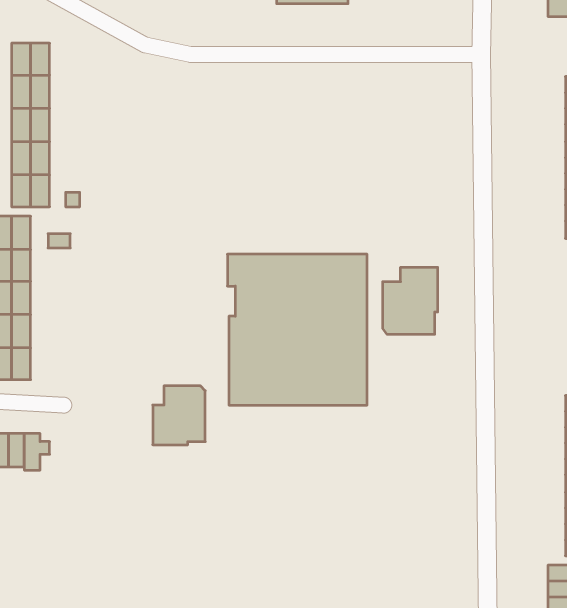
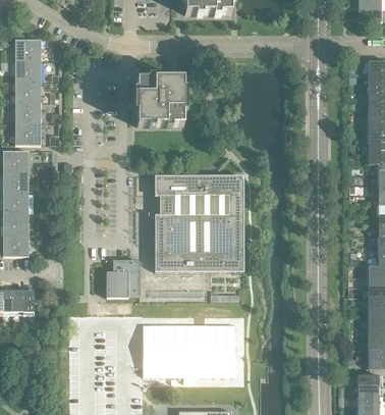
building: none -> [138,73,187,124]
building: [383,267,438,334] -> none
building: none -> [143,323,234,382]

